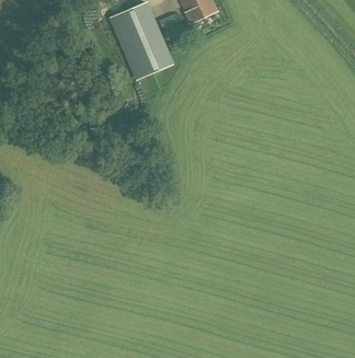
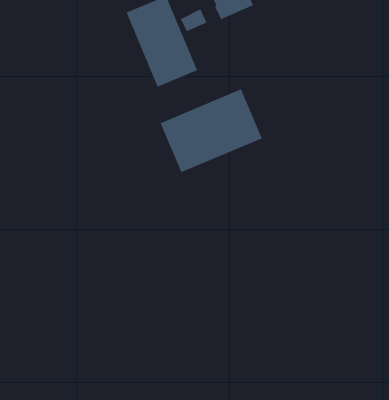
building: none -> [160,88,263,173]

